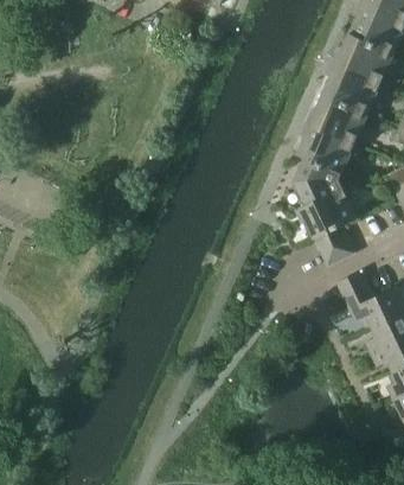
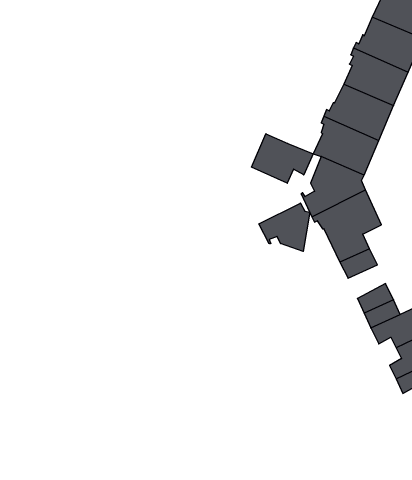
building: none -> [252,134,313,183]
building: none -> [259,203,310,251]

